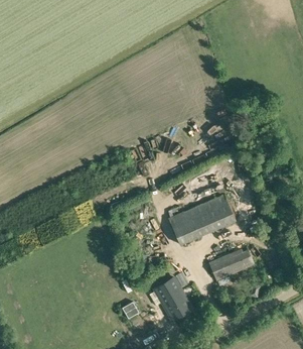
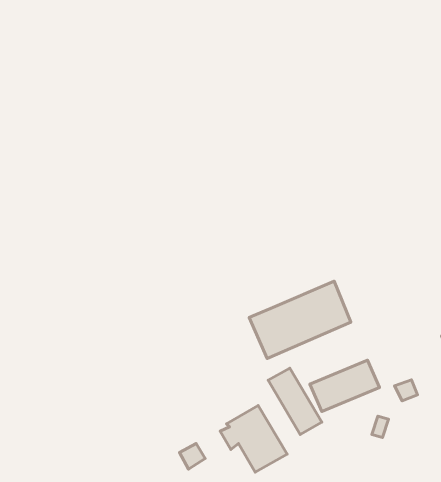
building: none -> [268,368,322,434]

